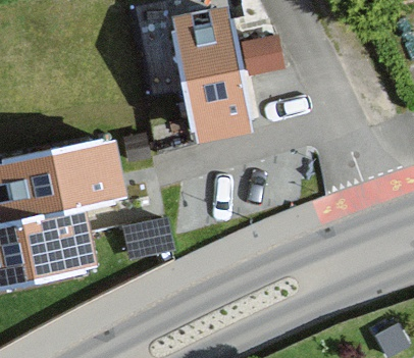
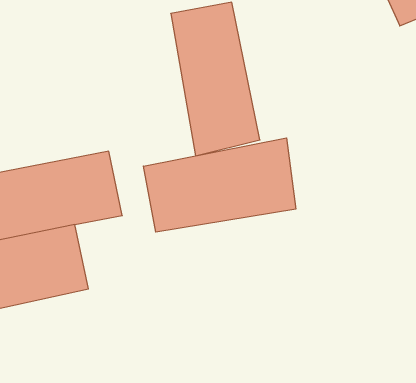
building: none -> [143,138,296,232]

